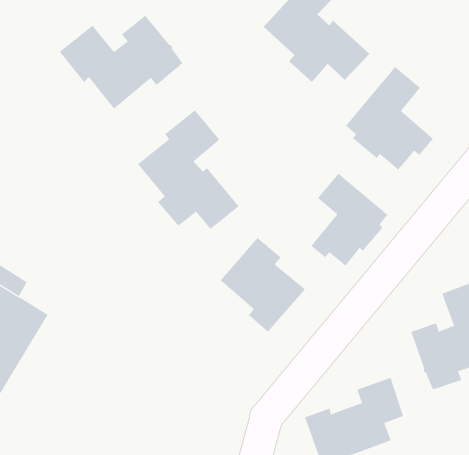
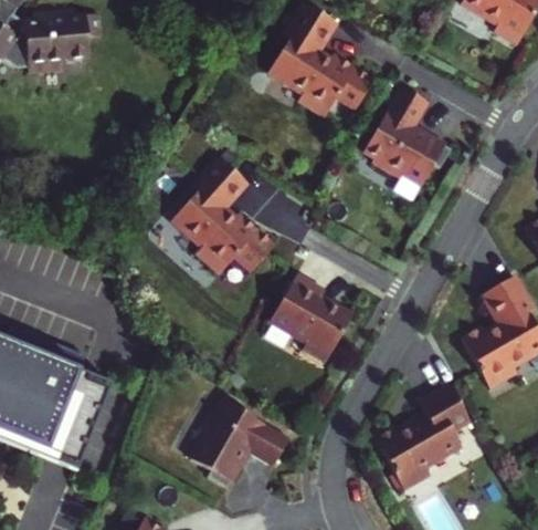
building: [59,15,183,109] -> none
building: [311,173,388,267] -> none
building: none -> [190,401,289,488]

